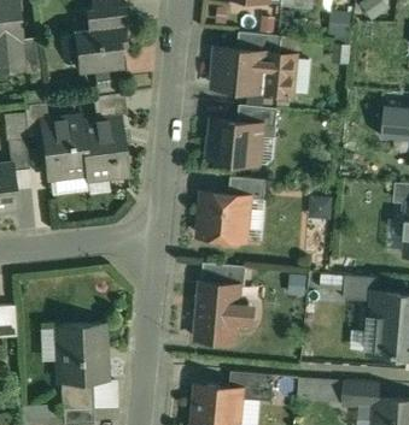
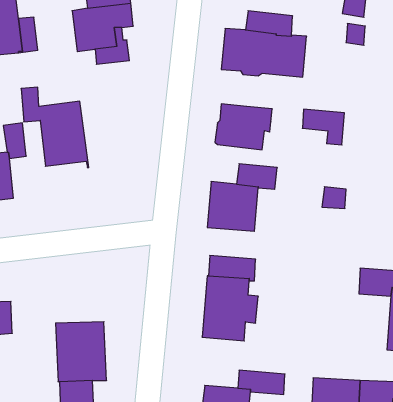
building: [80,94,127,181] -> none
building: [238,105,277,138] -> [302,109,344,145]

